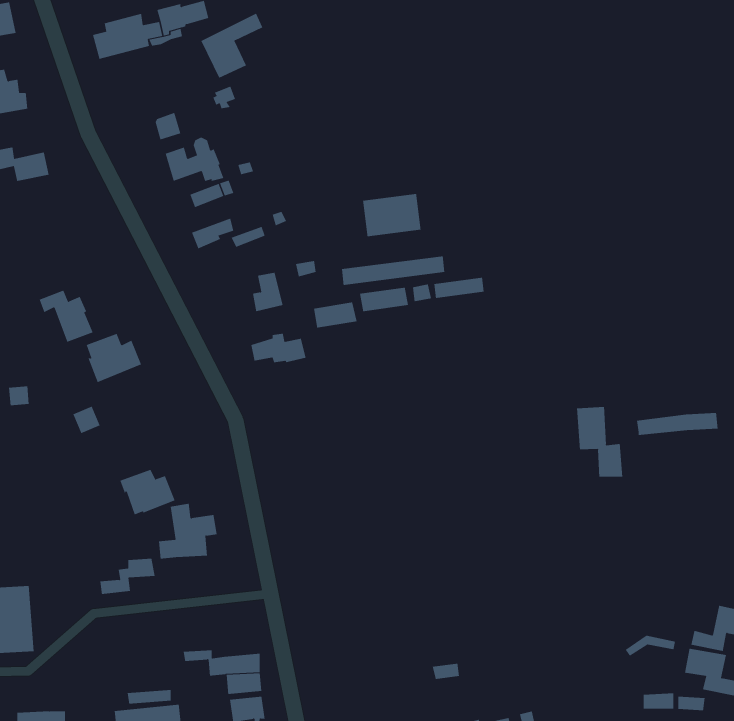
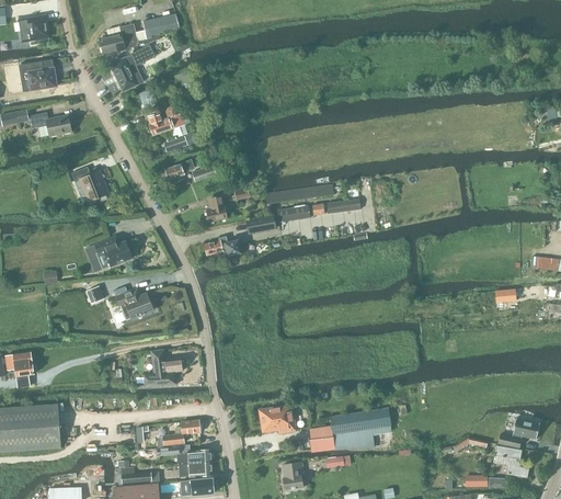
building: [201,13,263,79] -> [112,46,153,90]
building: [363,193,421,237] -> none
building: [39,290,93,343] -> [71,166,107,201]
building: [577,406,623,477] -> none
building: [119,469,175,515] -> [116,288,153,319]
building: [100,558,156,594] -> [163,420,201,444]
building: none -> [259,404,296,433]
building: none -> [309,408,391,451]
building: none -> [283,461,304,489]

